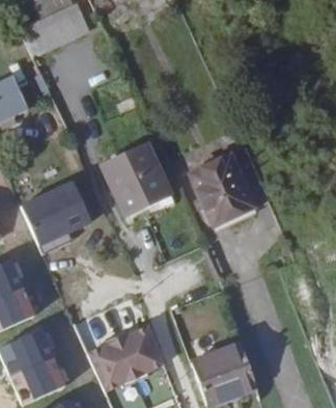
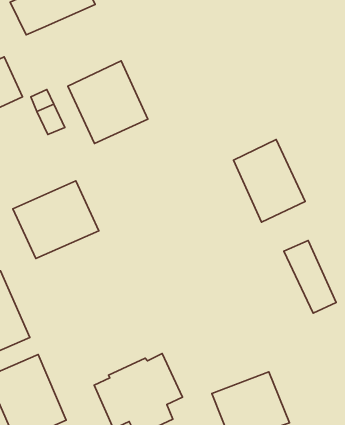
building: [103,143,171,214] -> [68,61,148,143]
building: [189,163,233,225] -> [284,240,336,313]

